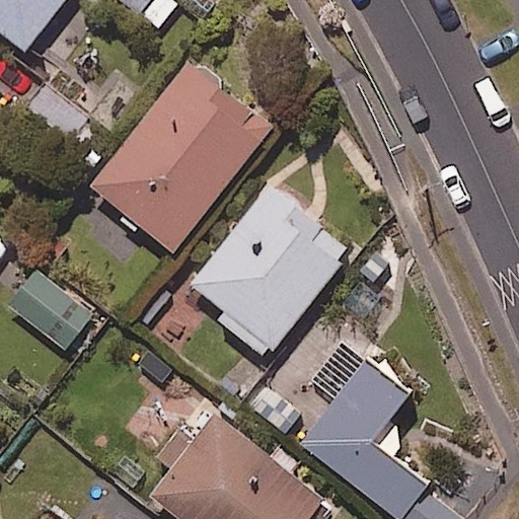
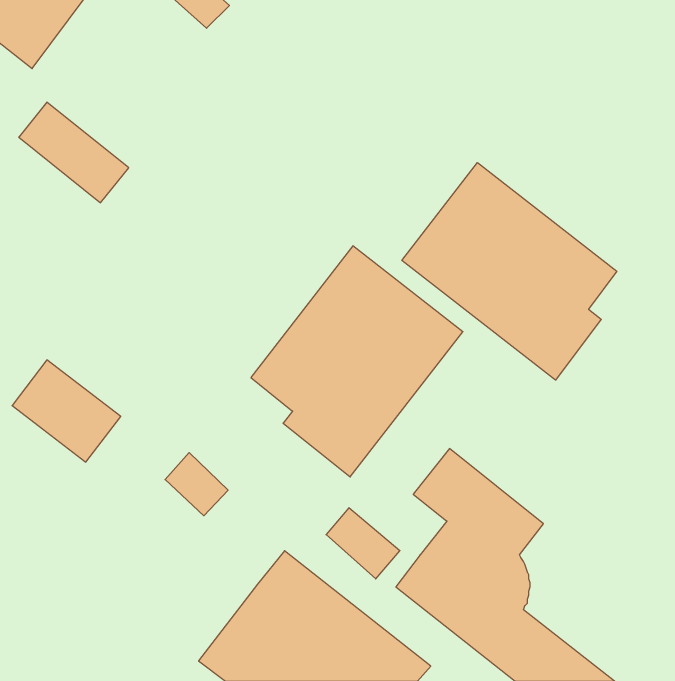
building: [91,62,271,252] -> none
building: none -> [402,163,617,380]

